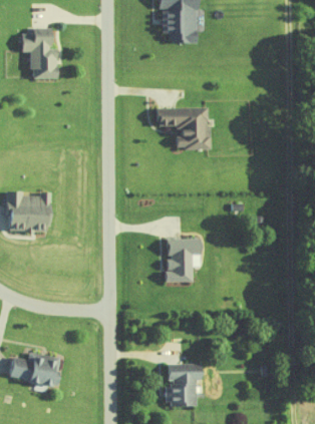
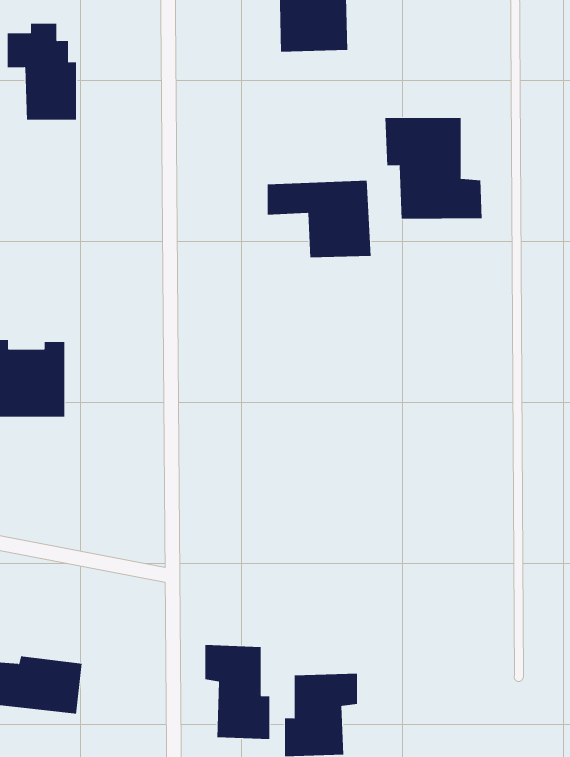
building: none -> [385,117,482,219]
building: [167,244,203,281] -> none
building: none -> [205,644,270,740]

